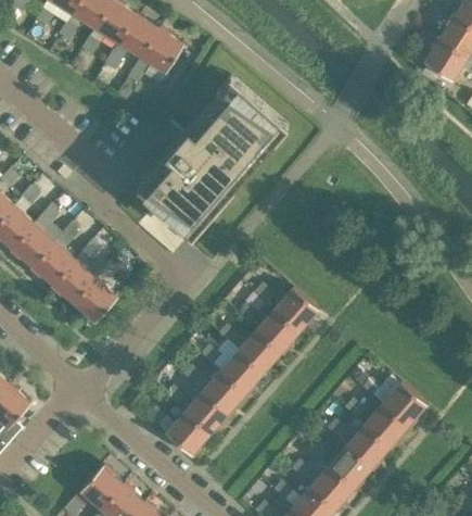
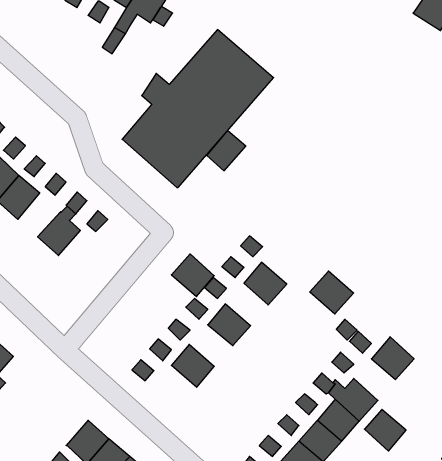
building: none -> [207,131,246,171]
building: [33,240,75,284] -> none
building: [73,277,116,320] -> none
building: [273,288,317,330] -> [310,271,354,314]
building: [238,329,280,372] -> [171,254,214,297]
building: [202,370,245,412] -> none
building: [365,404,406,445] -> [364,409,406,451]
building: [166,411,209,453] -> none

